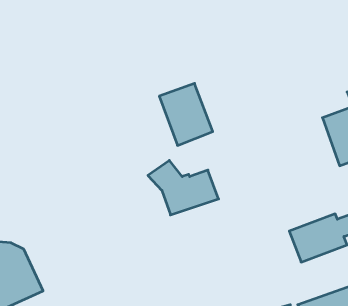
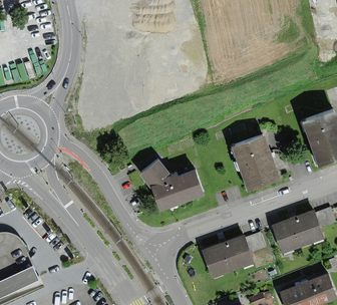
building: [159,83,213,145] -> [232,131,282,190]
building: none -> [203,233,267,277]

